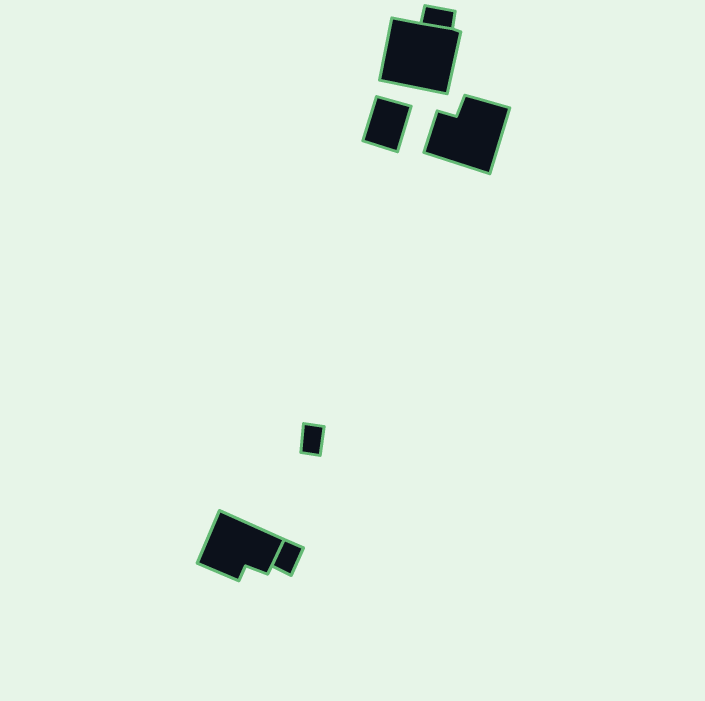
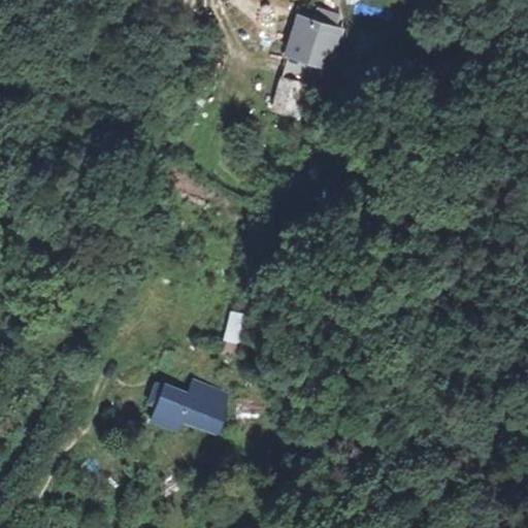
building: [424,95,510,174] -> none

